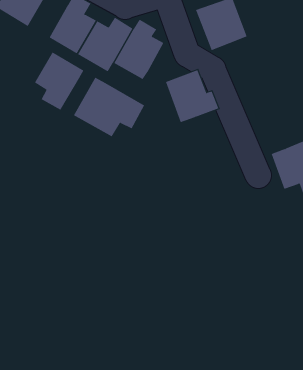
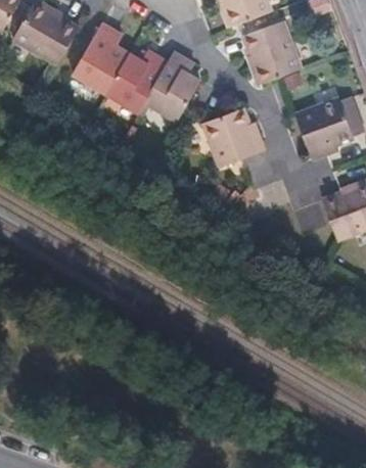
building: [34,52,84,110] -> none
building: none -> [295,101,354,158]
building: [73,77,145,137] -> none

